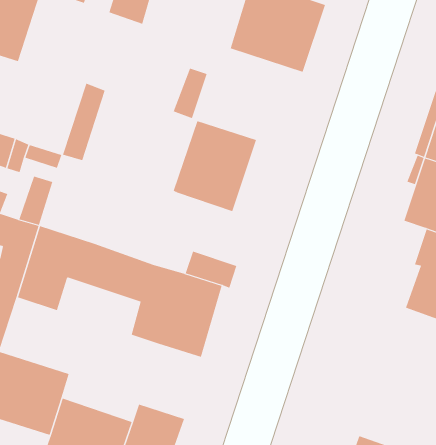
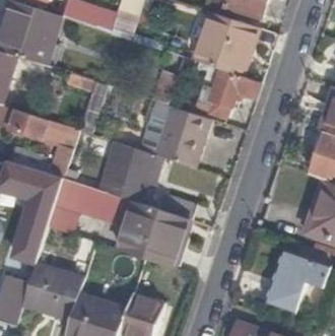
building: none -> [193,64,260,130]
building: none -> [99,141,155,203]
building: none -> [266,250,324,310]

